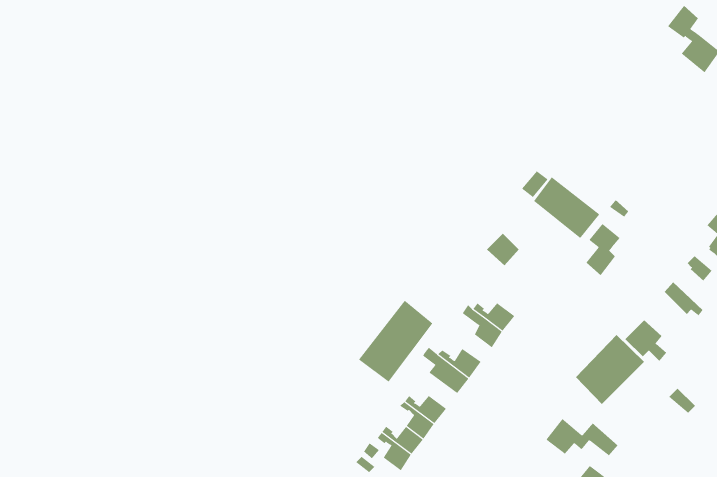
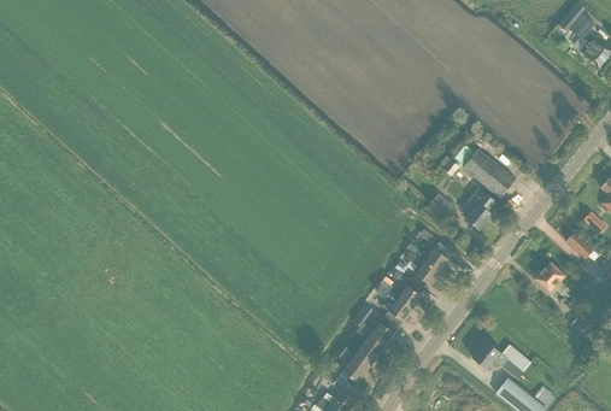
building: [586,223,621,276] -> [465,187,493,229]
building: [358,300,433,382] -> none
building: [575,334,645,405] -> none

